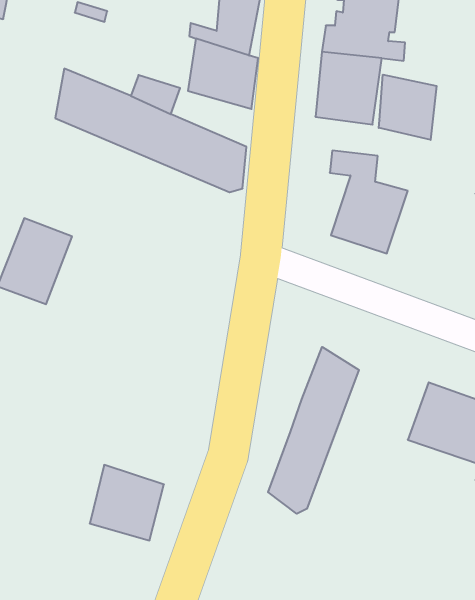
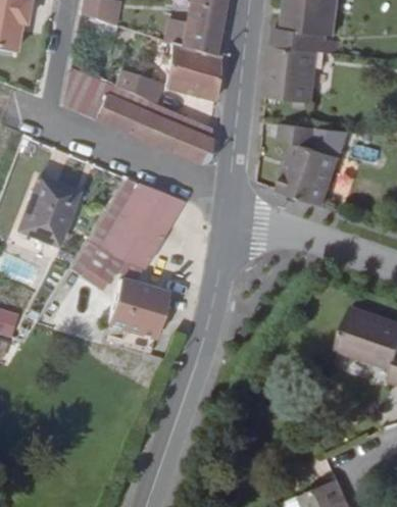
building: [379,75,437,140] -> none
building: none -> [81,181,185,287]
building: [268,347,359,514] -> none
building: [90,465,164,540] -> [108,280,166,339]

